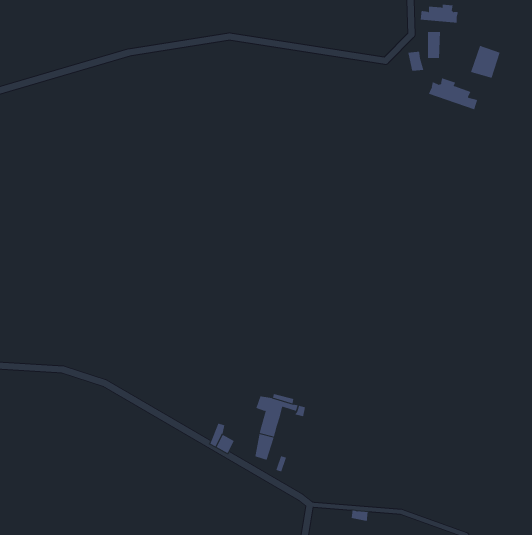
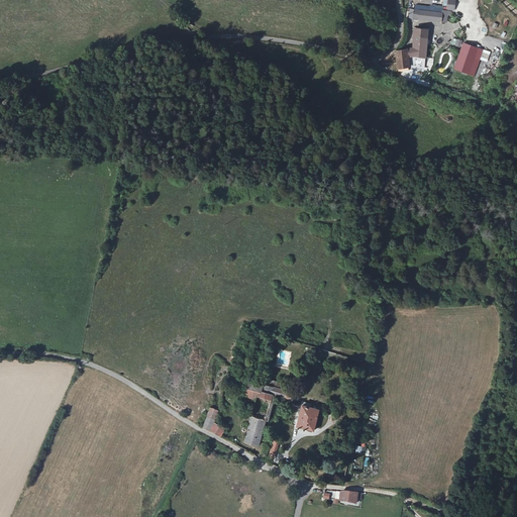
building: [428,77,478,110] -> none
building: none -> [297,405,319,430]

